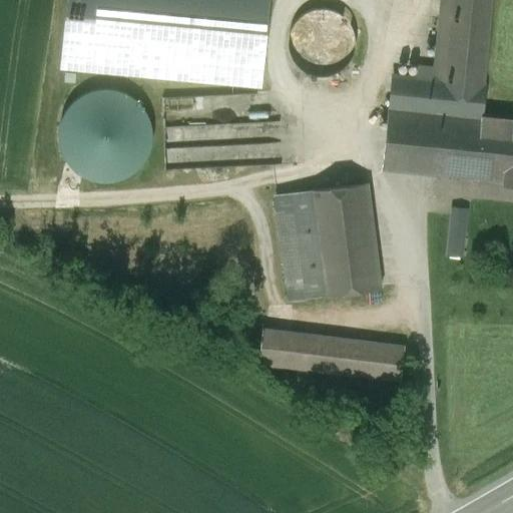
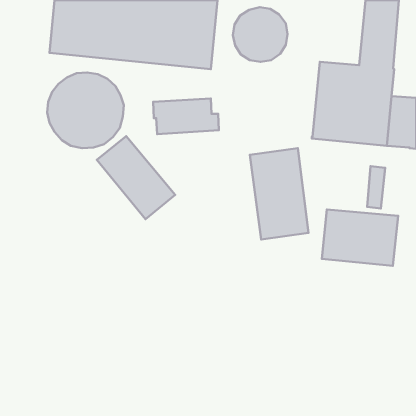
building: none -> [97,136,175,219]
building: [277,190,322,299] -> none
building: none -> [322,209,398,266]
building: [258,329,404,380] -> none

